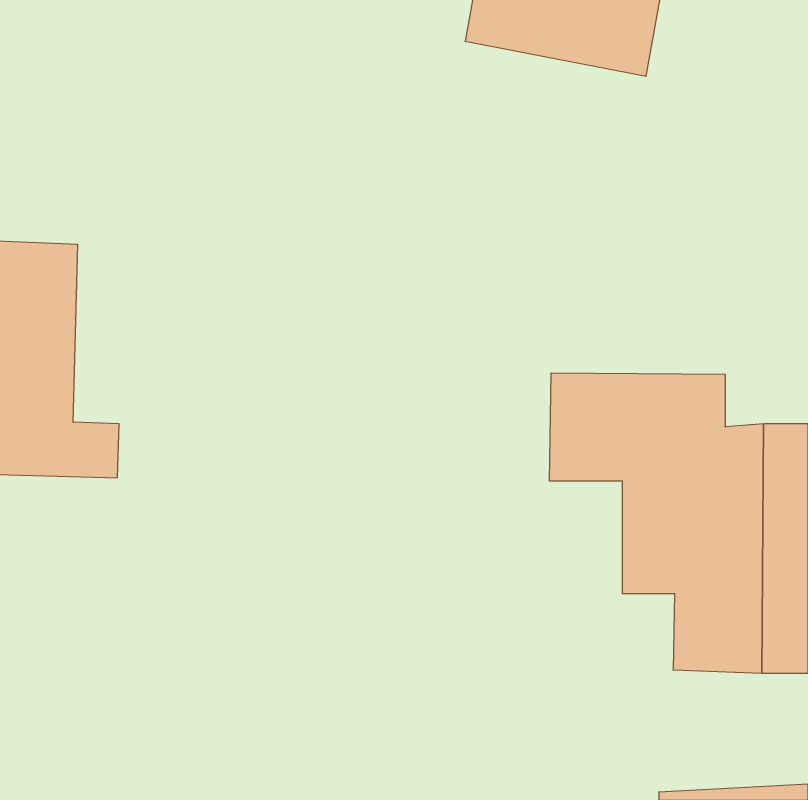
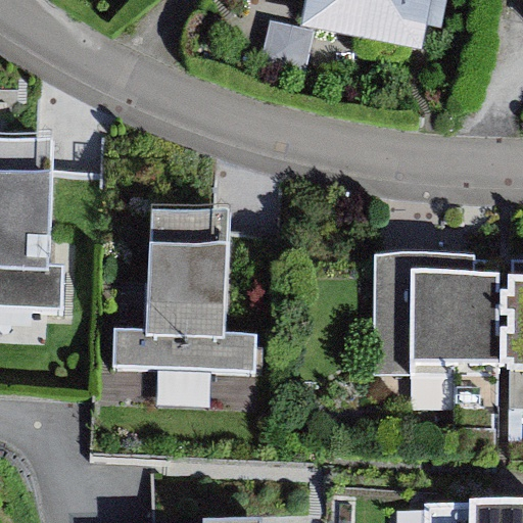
building: none -> [112,217,252,369]

